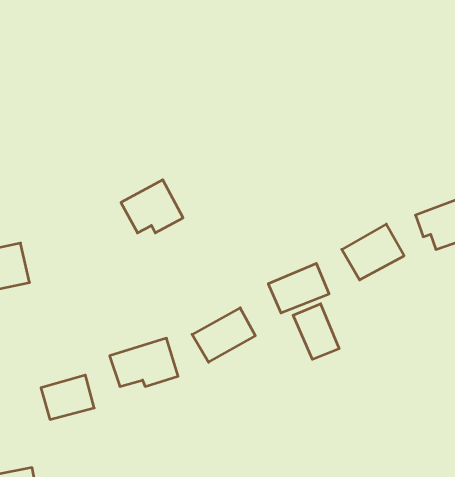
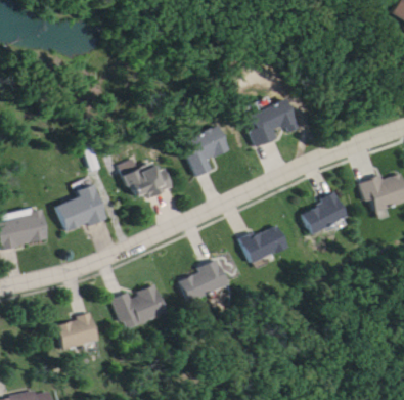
building: none -> [246,100,297,146]
building: none -> [185,126,228,178]
building: none -> [56,184,106,233]
building: [293,304,339,359] -> none

